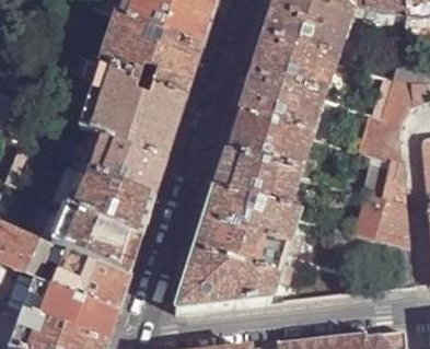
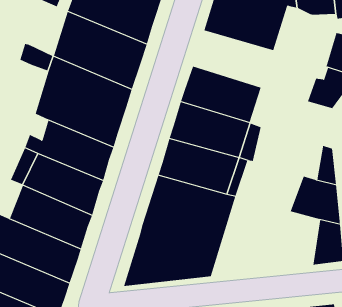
building: [249,35,337,96] -> none
building: [359,110,400,162] -> none

